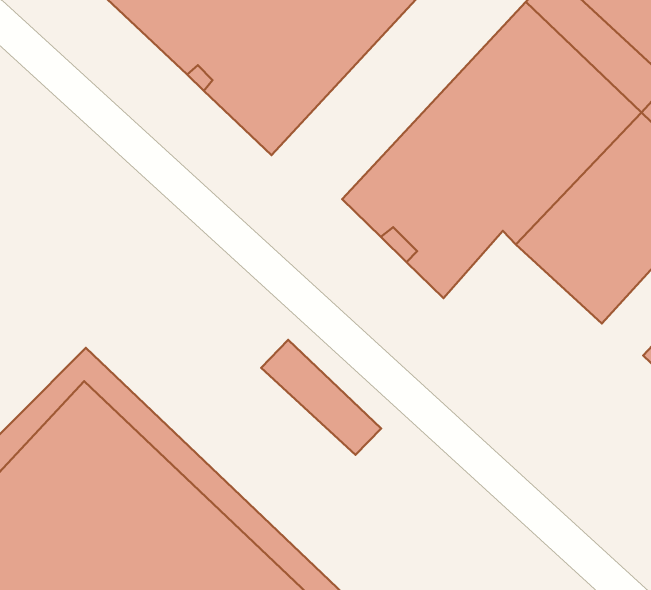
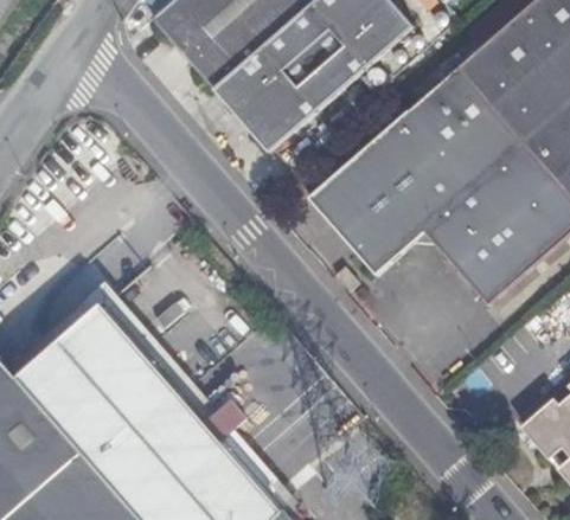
building: [261,340,381,455] -> none

